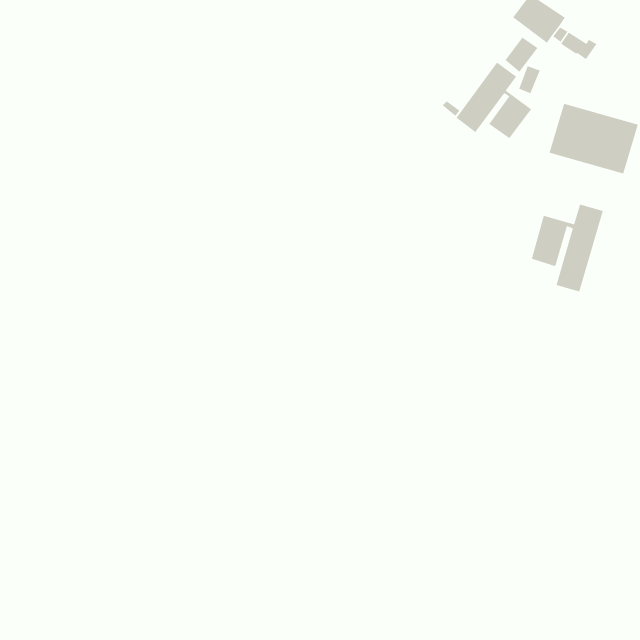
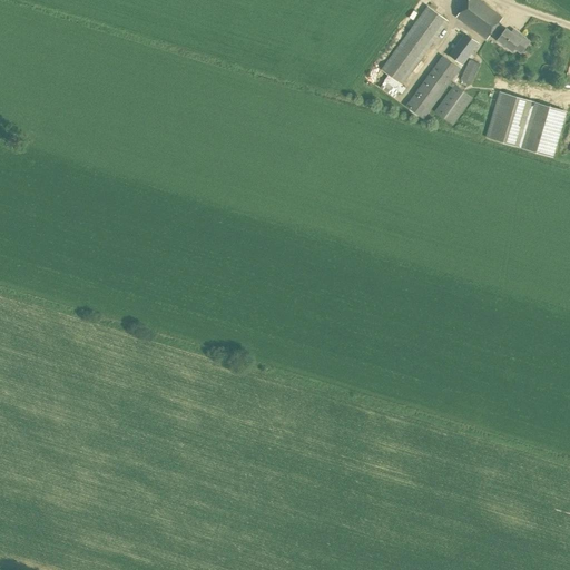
building: none -> [381,6,448,83]
building: [531,204,604,292] -> none

